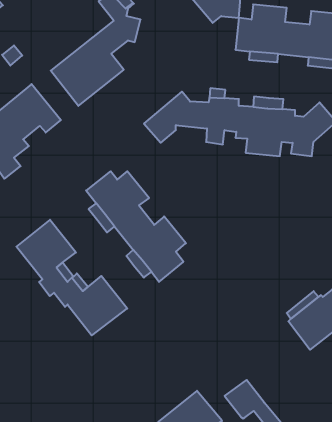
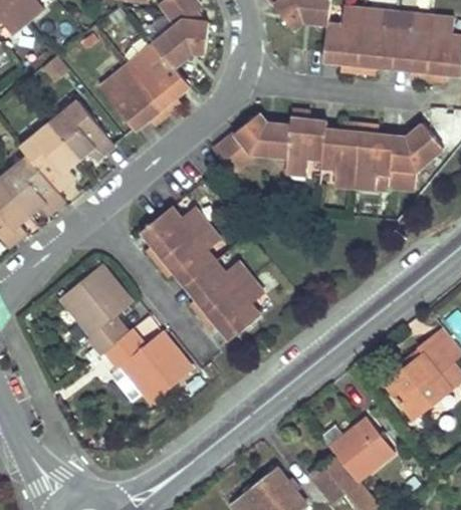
building: none -> [328,418,394,483]

